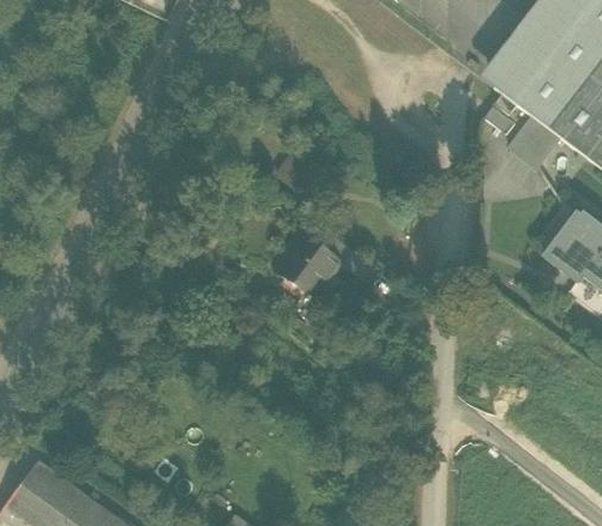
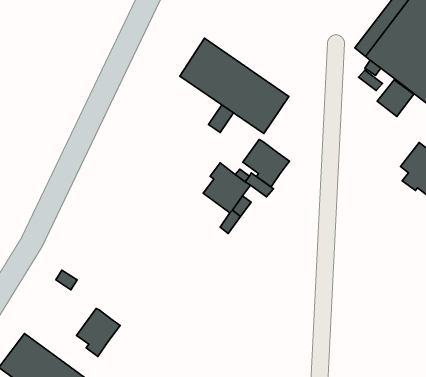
building: none -> [180,38,289,133]
building: none -> [243,140,290,187]
building: none -> [76,308,120,356]

